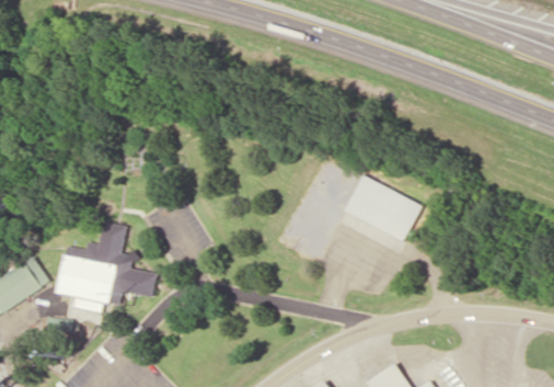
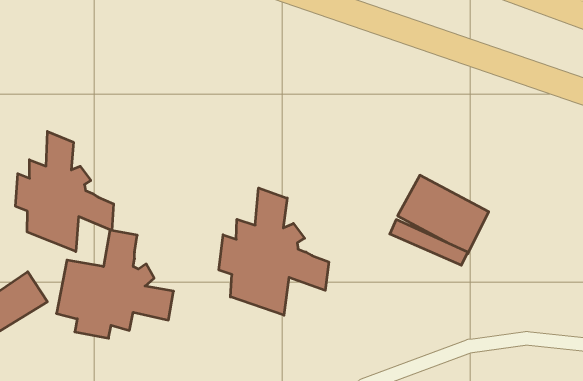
building: none -> [16,131,114,252]
building: none -> [219,188,329,315]

